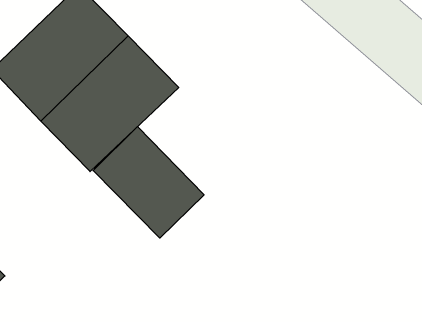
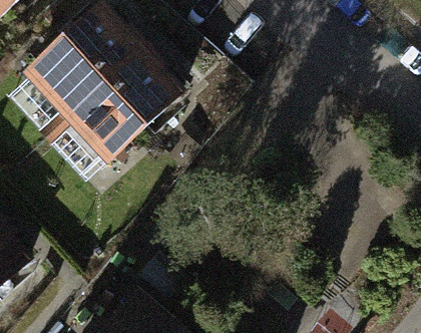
building: [93,127,204,238] -> none

